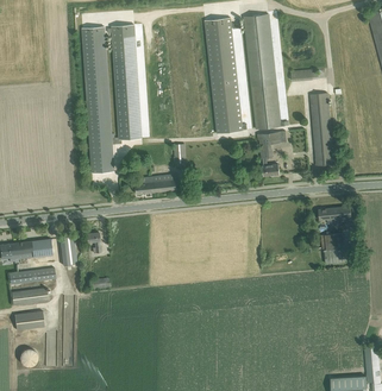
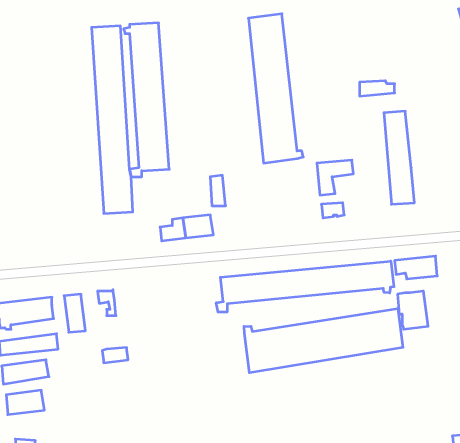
building: [244,13,284,128] -> none
building: none -> [216,261,394,312]
building: none -> [244,308,403,373]

